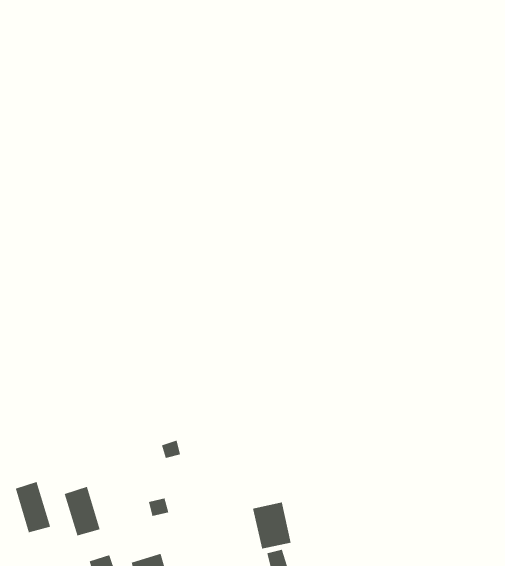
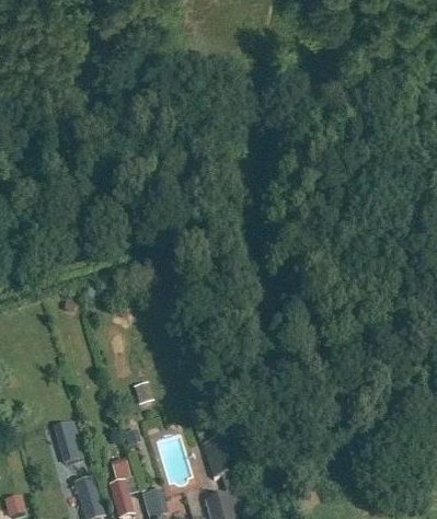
building: [15,481,51,533] -> none

